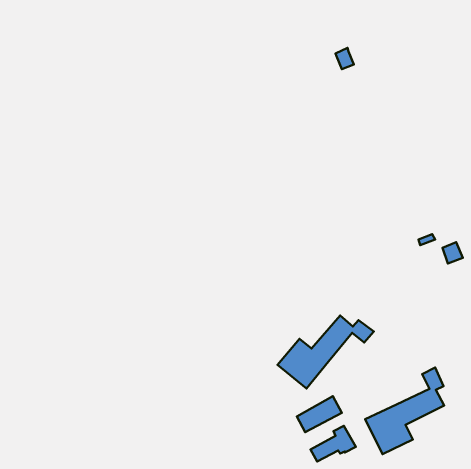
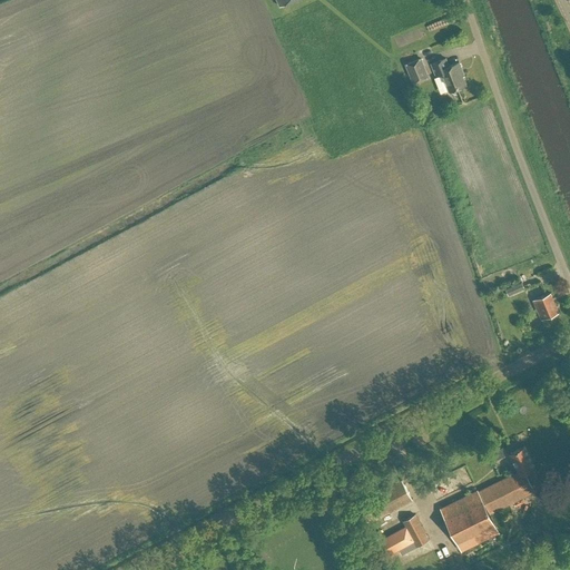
building: none -> [430,62,464,95]
building: [277,315,374,388] -> none

